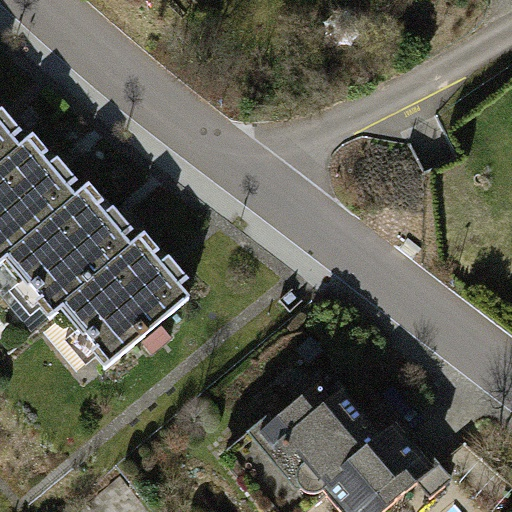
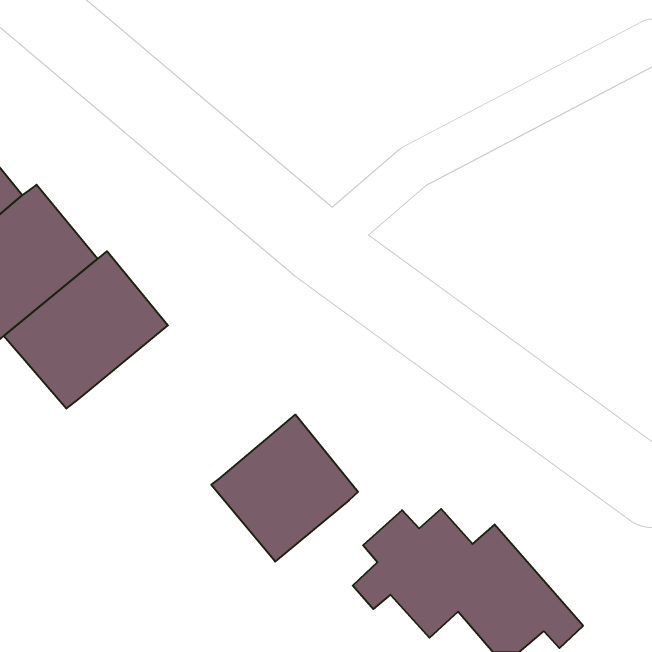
building: [60,242,186,364] -> none
building: none -> [211,415,358,562]

